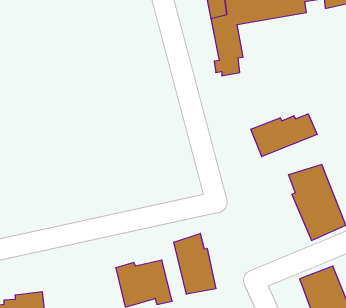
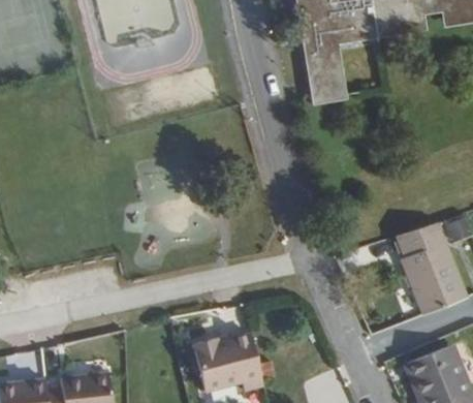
building: [251,114,317,157] -> none
building: [174,233,216,294] -> none

